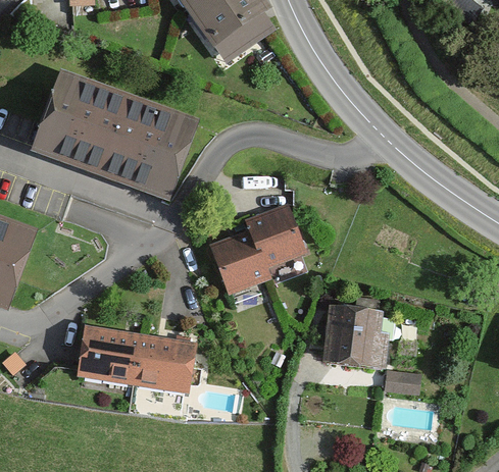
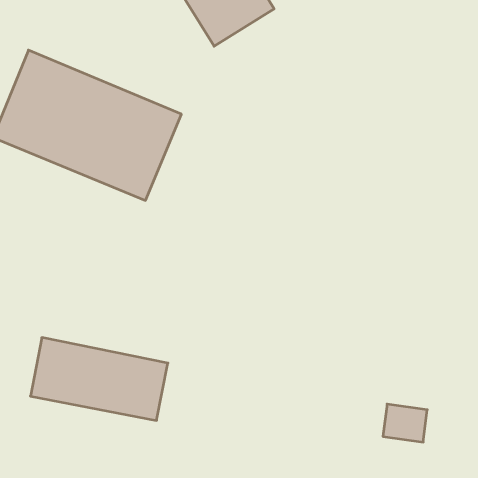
building: [212,212,307,294] -> none
building: [322,305,389,367] -> none

